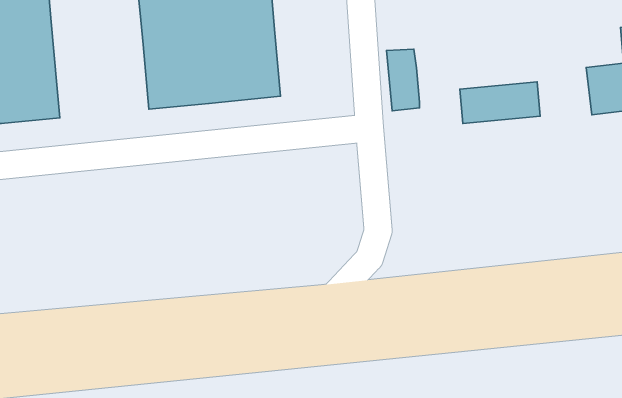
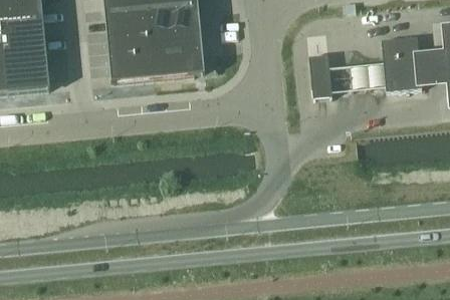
building: none -> [380,35,421,89]
building: [386,49,419,111] -> [307,53,330,96]

